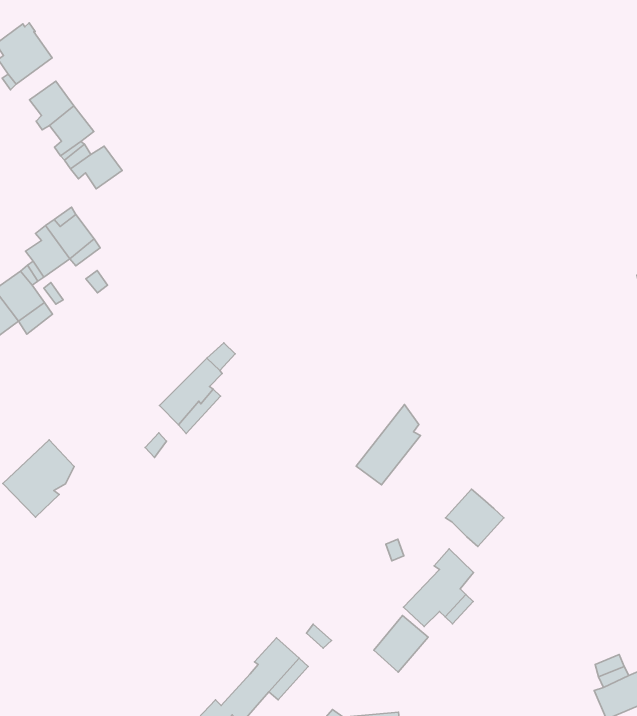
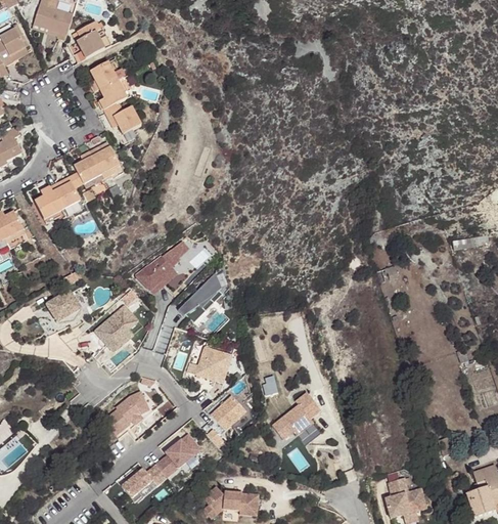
building: [356,404,420,485] -> [181,273,225,322]
building: none -> [95,306,138,352]
building: [446,489,504,547] -> none
building: none -> [196,345,233,383]
building: none -> [105,389,159,438]
building: [374,615,428,672] -> [212,395,247,431]

